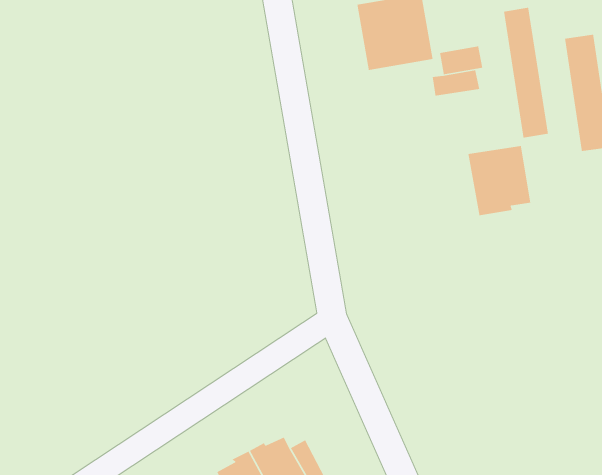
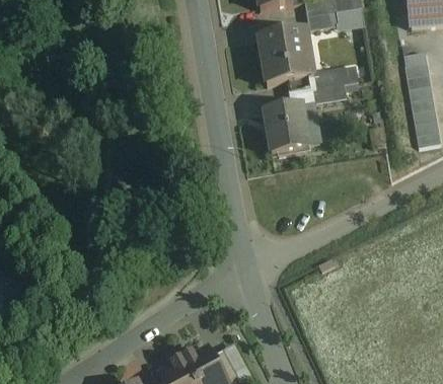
building: [503,7,549,139] -> none
building: [467,145,531,216] -> [264,102,309,153]

